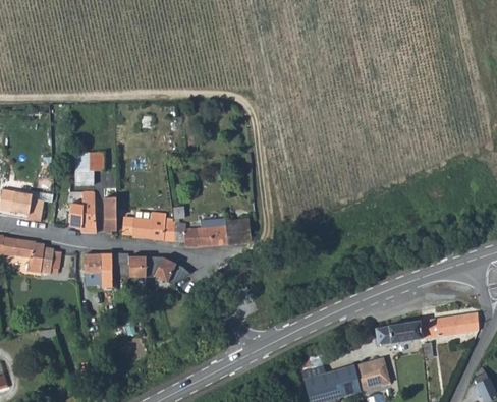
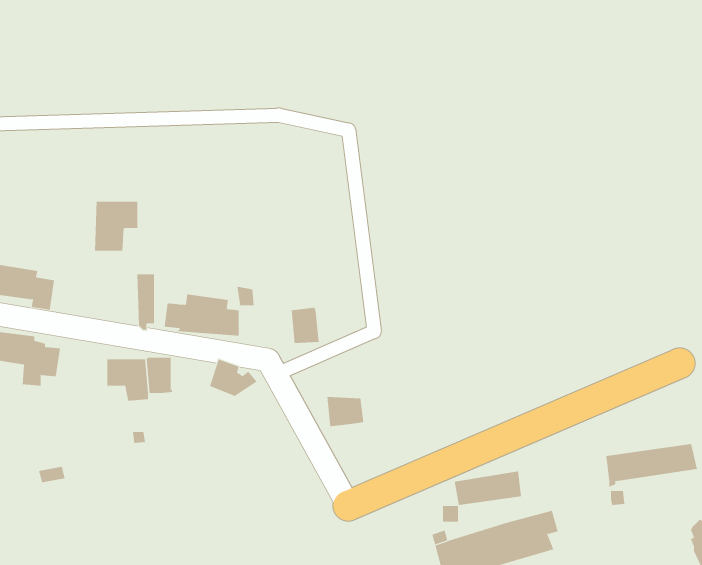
building: [69,190,97,236] -> none
building: [172,223,209,247] -> none
building: [224,224,250,244] -> [326,396,364,427]
building: [126,255,158,277] -> none
building: [375,321,421,344] -> [454,471,522,506]

